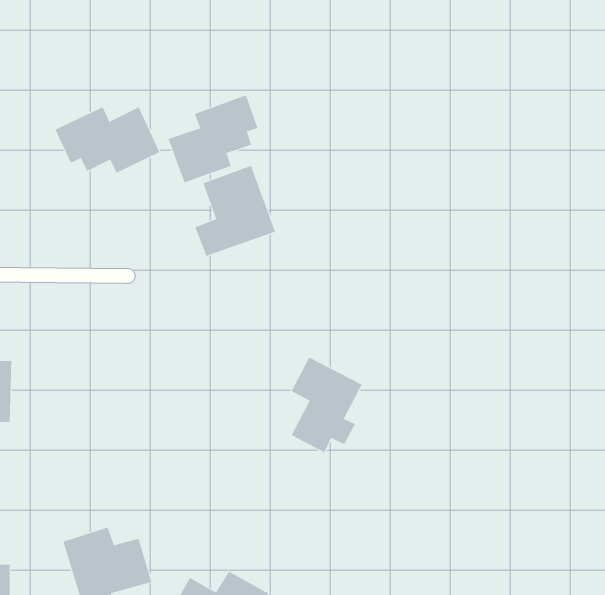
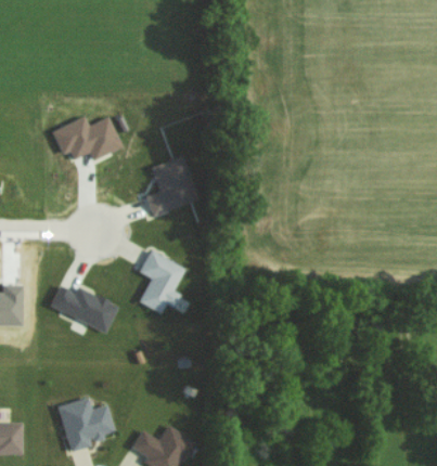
building: [168,95,258,183] -> none
building: [291,357,362,453] -> [138,250,185,314]
building: none -> [49,286,118,333]

